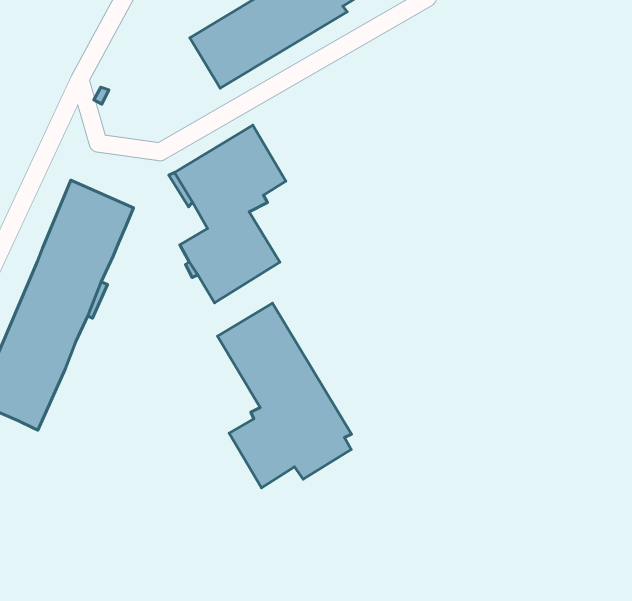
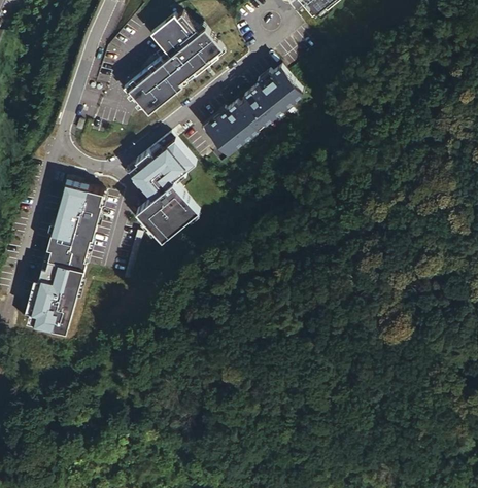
building: none -> [205,66,301,153]
building: [217,303,351,488] -> none

